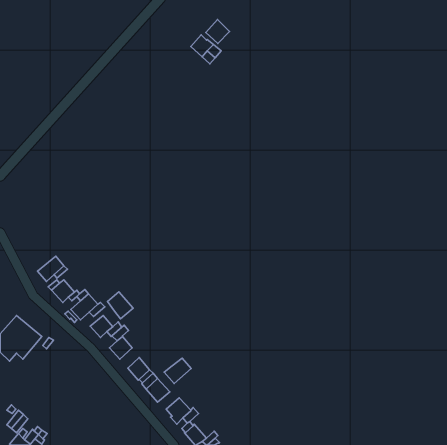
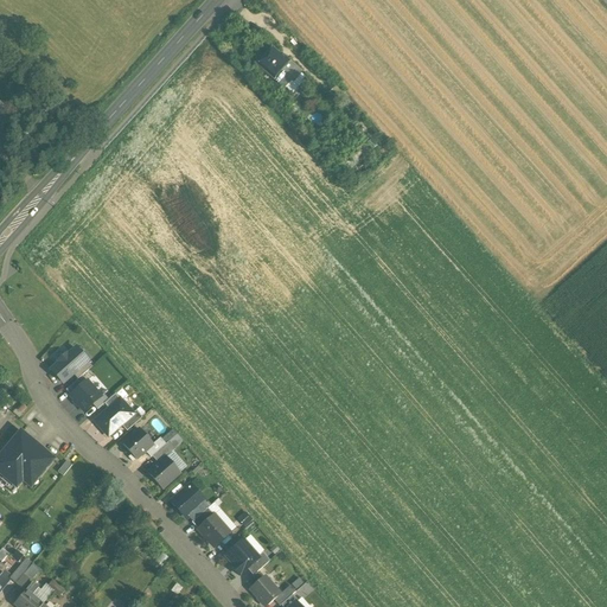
building: [206,20,229,44] -> none
building: [107,292,133,319] -> none
building: [164,358,191,384] -> none

